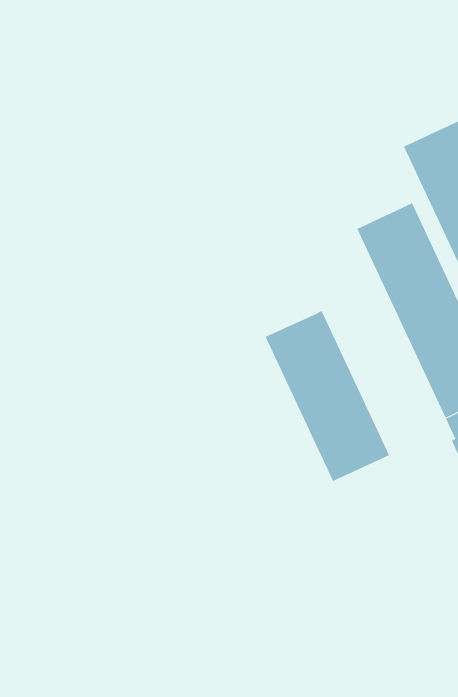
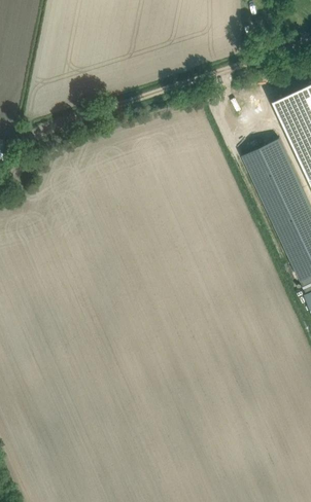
building: [265,310,390,482] -> none

